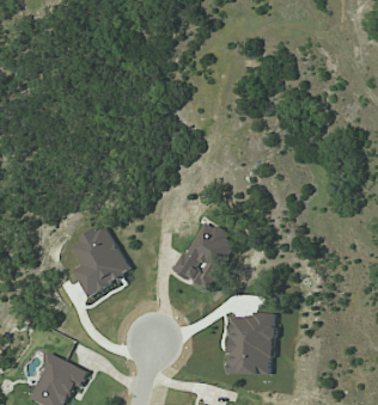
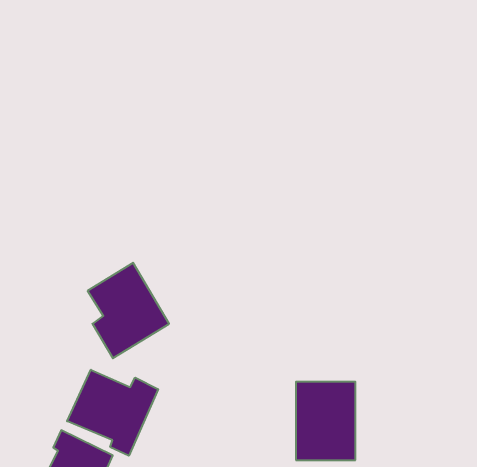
building: [175,219,232,288] -> none
building: none -> [67,370,158,456]

